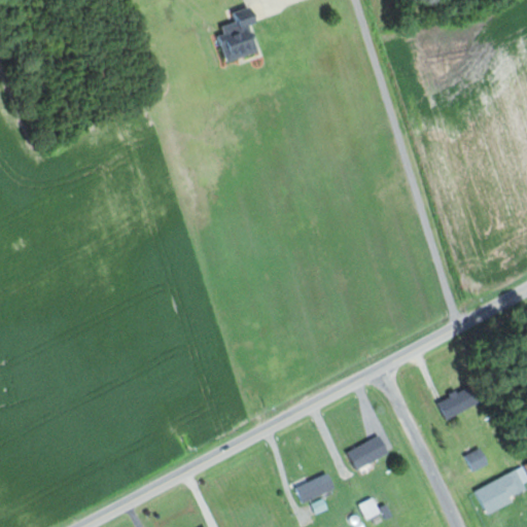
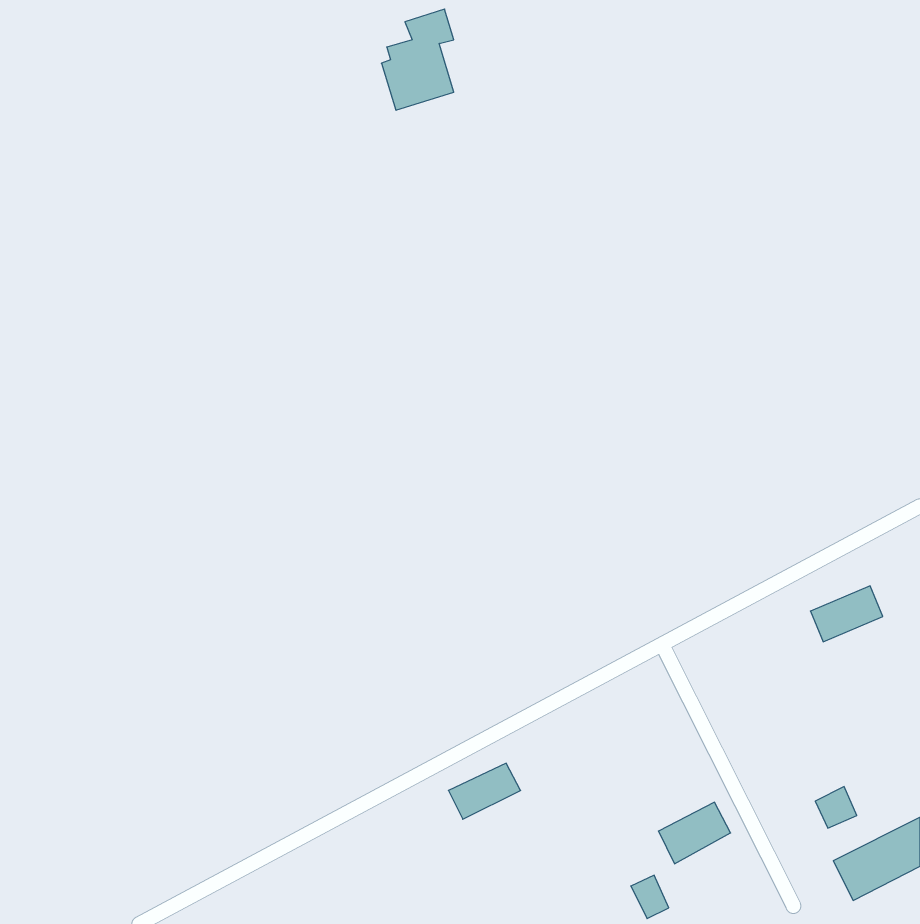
building: [438,387,480,419] -> [810,586,883,642]
building: [348,435,389,470] -> [658,802,731,864]
building: [294,472,336,504] -> [448,763,521,819]

